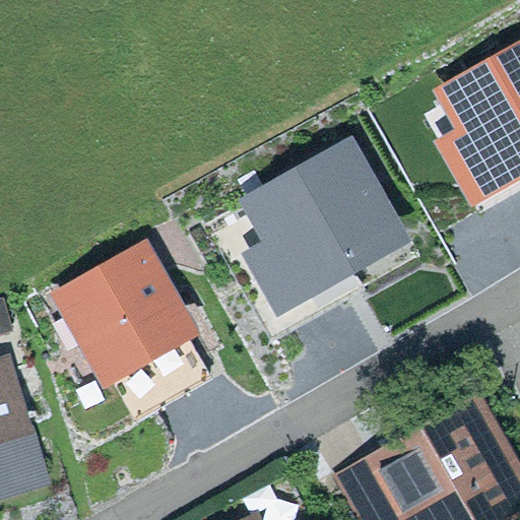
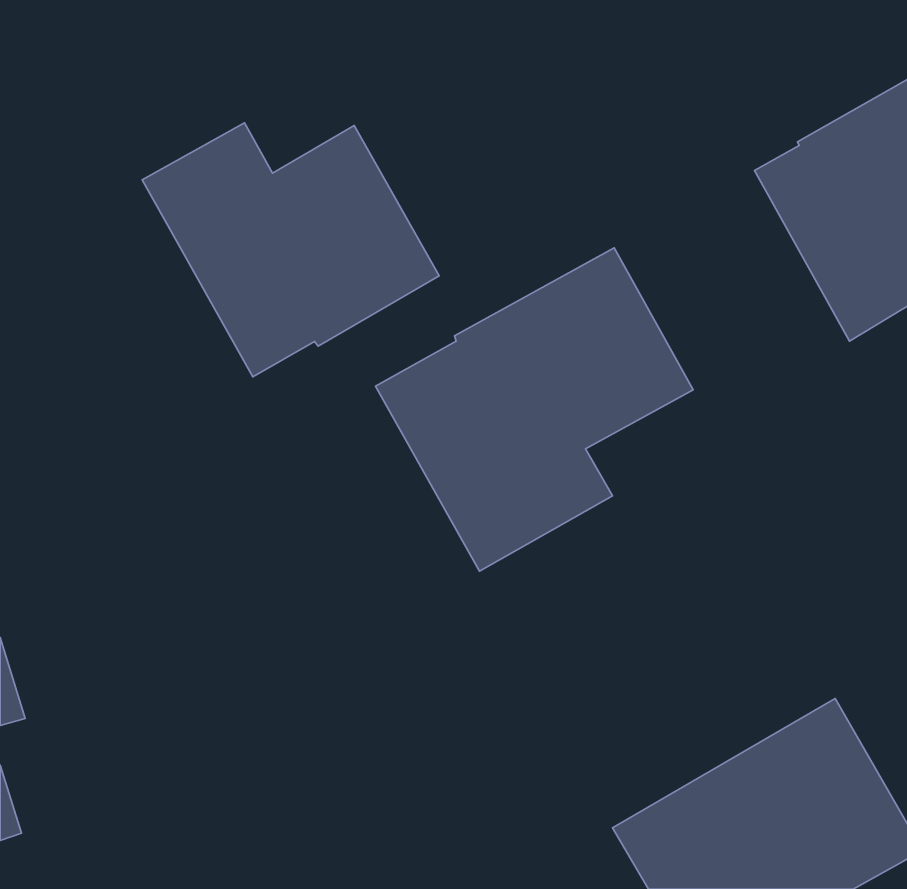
building: none -> [142,123,439,377]
building: [72,243,188,354] -> none

